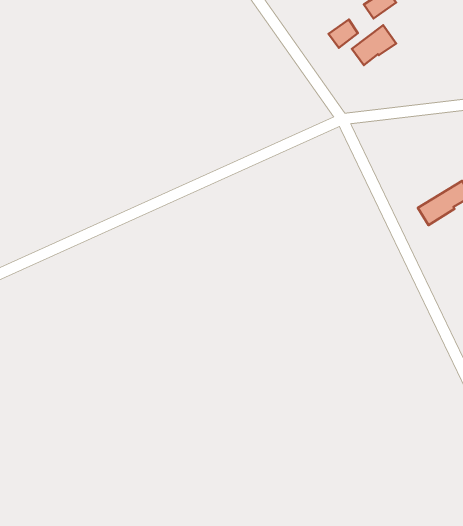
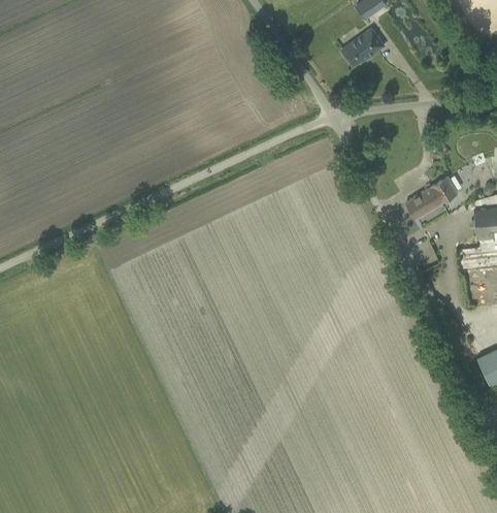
building: [329,19,358,48] -> none

